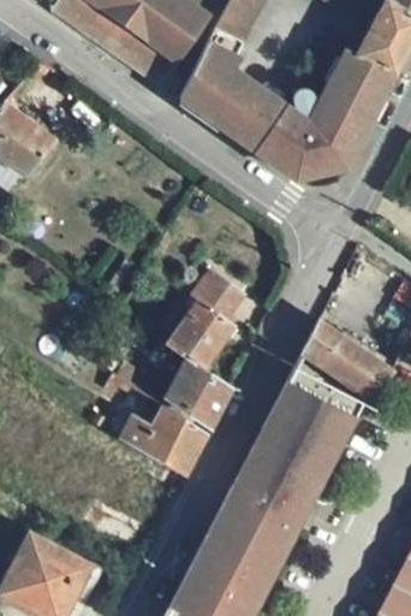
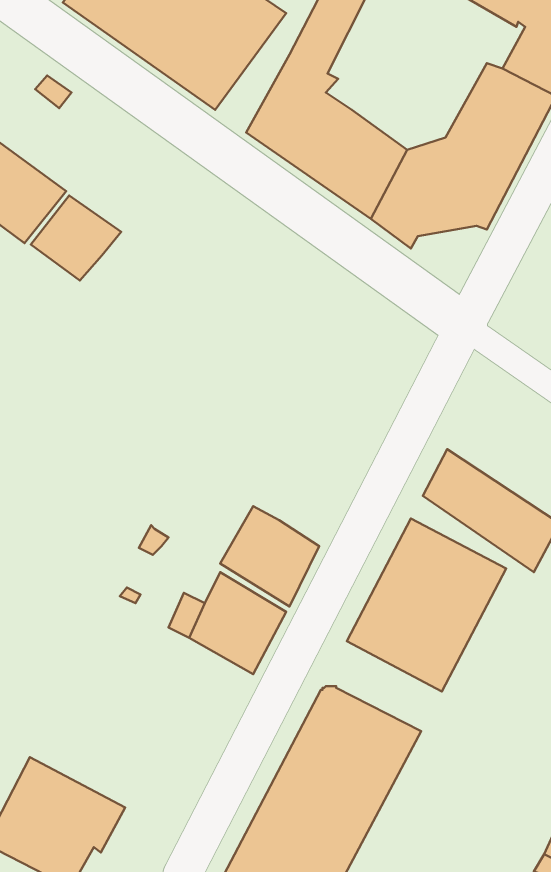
building: none -> [31,196,121,280]
building: [166,276,245,369] -> none
building: [232,454,316,516] -> none

